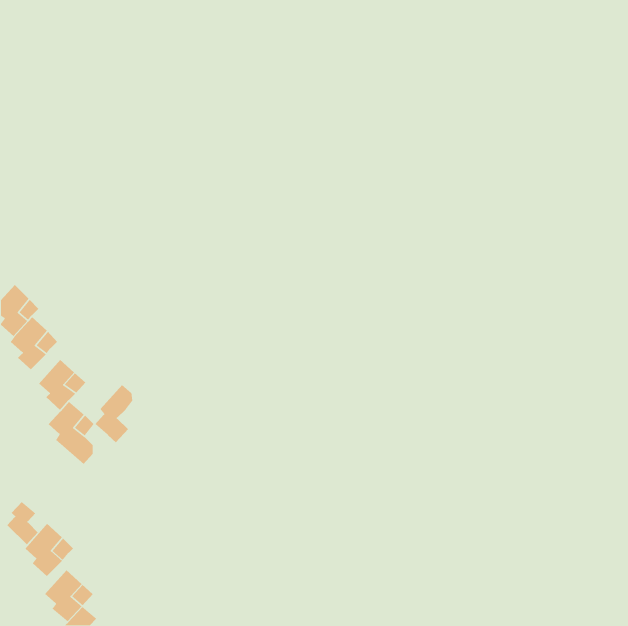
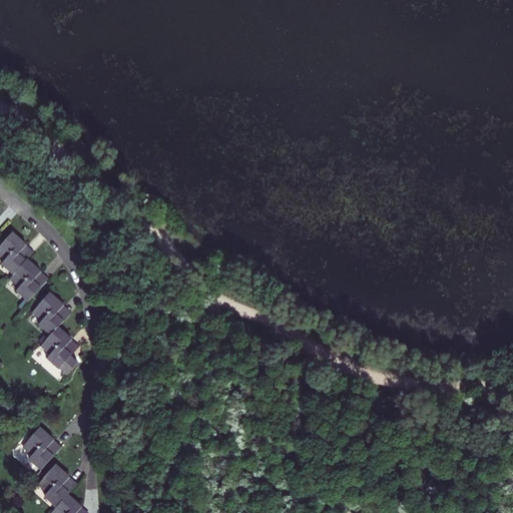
building: [95,384,133,443] -> none
building: [6,501,38,545] -> none

